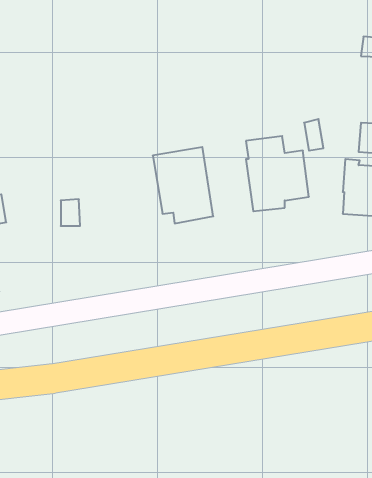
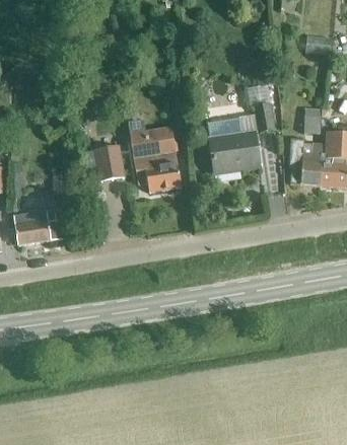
building: none -> [95,147,125,181]
building: none -> [13,210,62,244]

